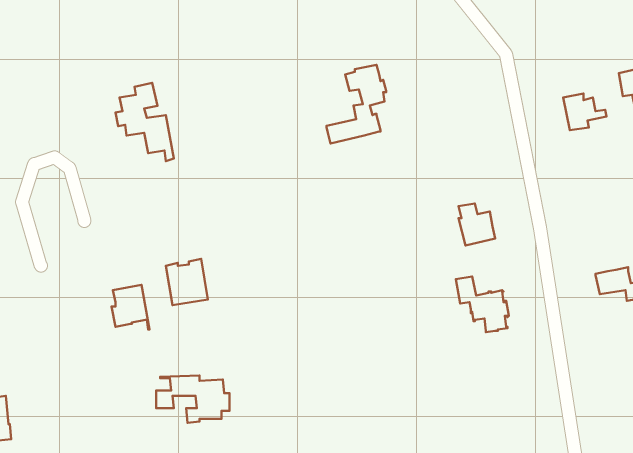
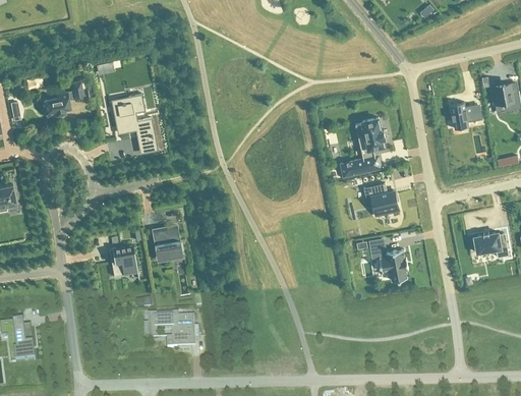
building: [326,65,386,144] -> [340,118,385,177]
building: none -> [43,81,82,117]

